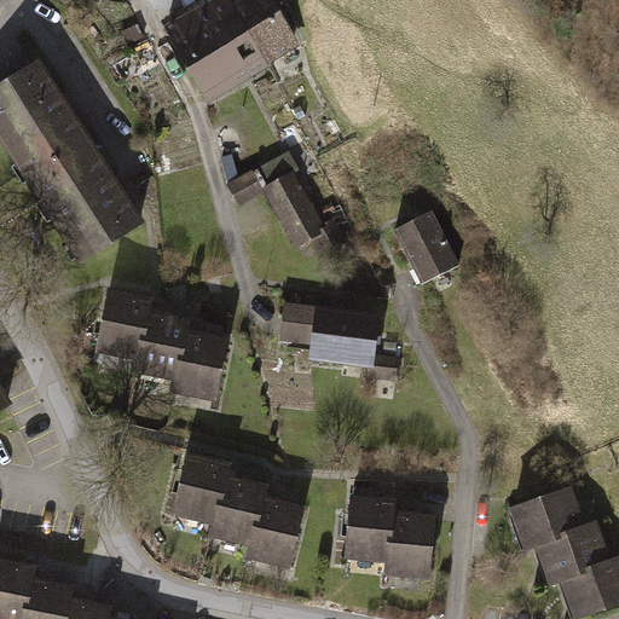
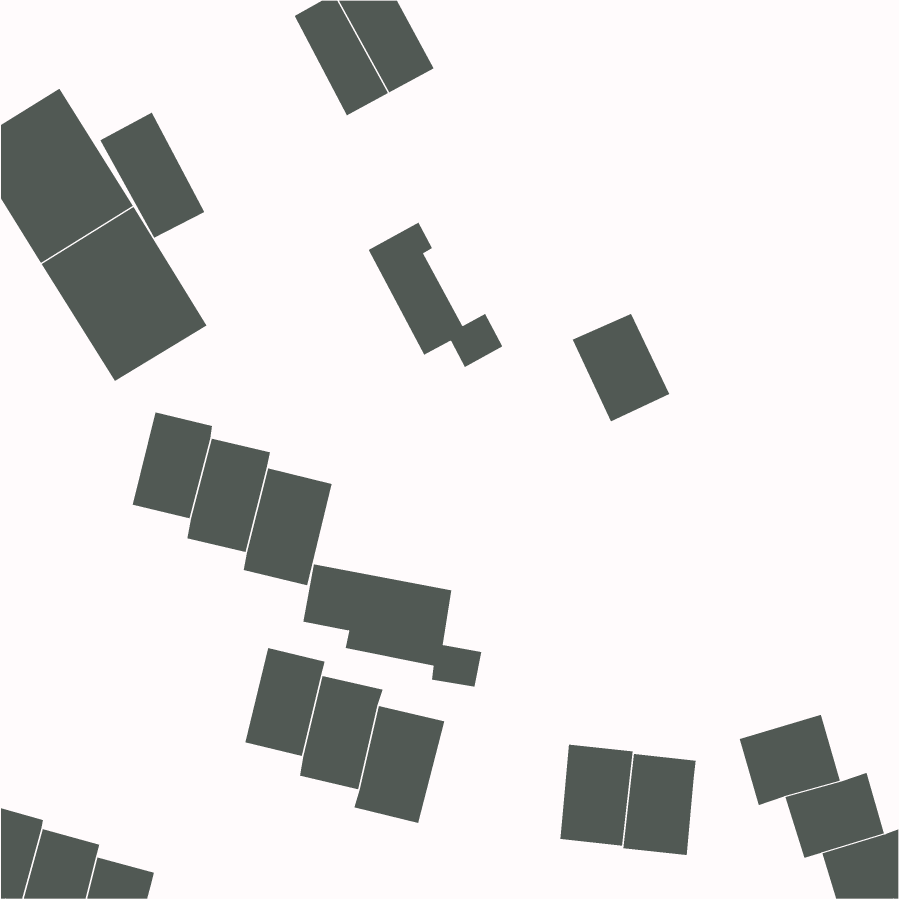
building: [166,11,238,98] -> [99,112,205,239]
building: [276,301,399,386] -> [303,564,482,687]
building: [341,494,392,565] -> [623,754,696,856]

